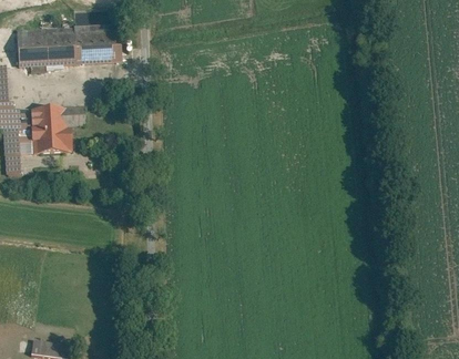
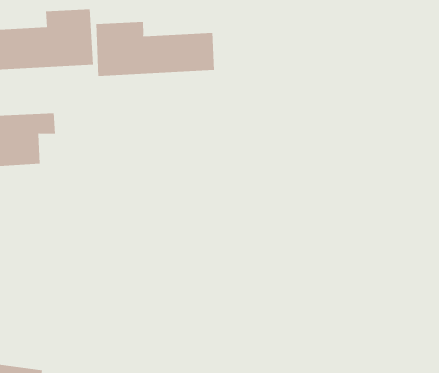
building: none -> [96,21,215,77]

